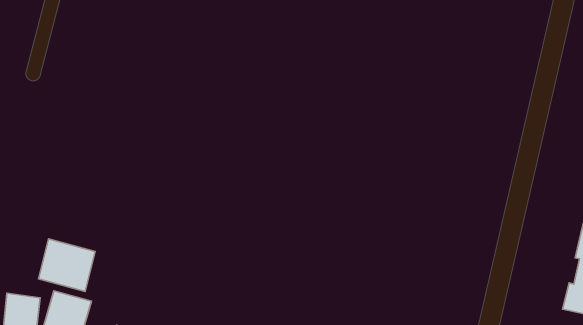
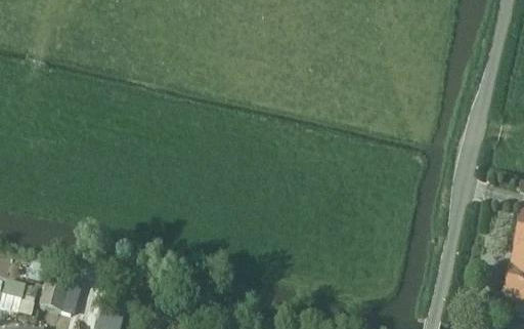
building: [38,239,95,292] -> none

